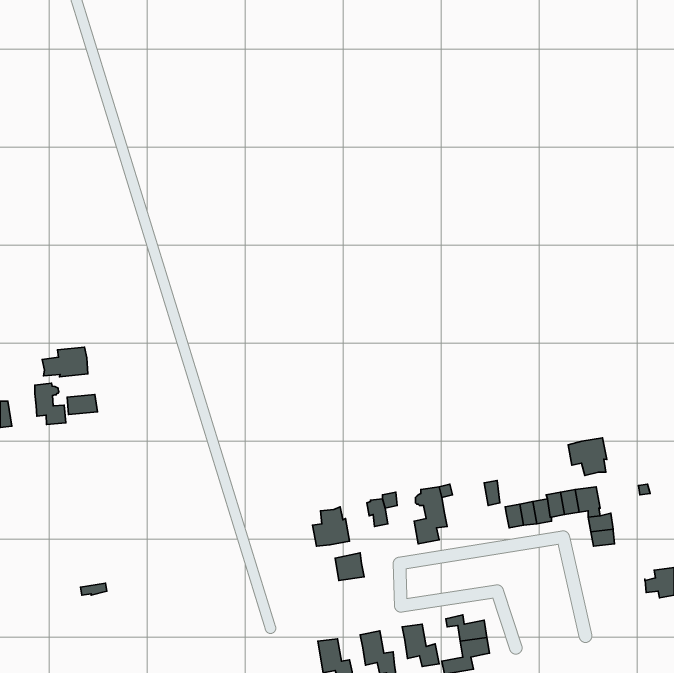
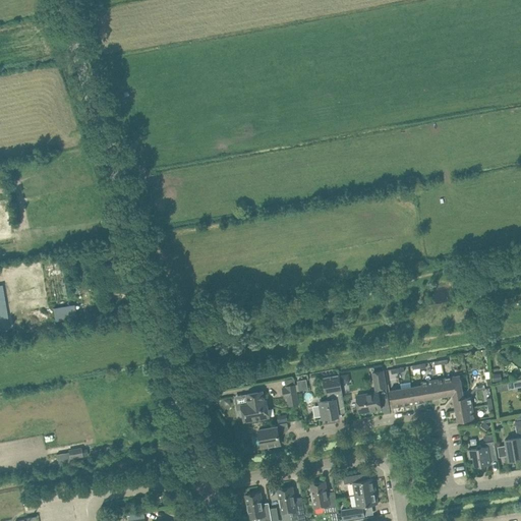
building: [42,347,88,377] -> none
building: [35,383,66,424] -> none
building: [568,438,607,476] -> none
building: none -> [356,393,382,414]
building: none -> [468,442,498,469]

